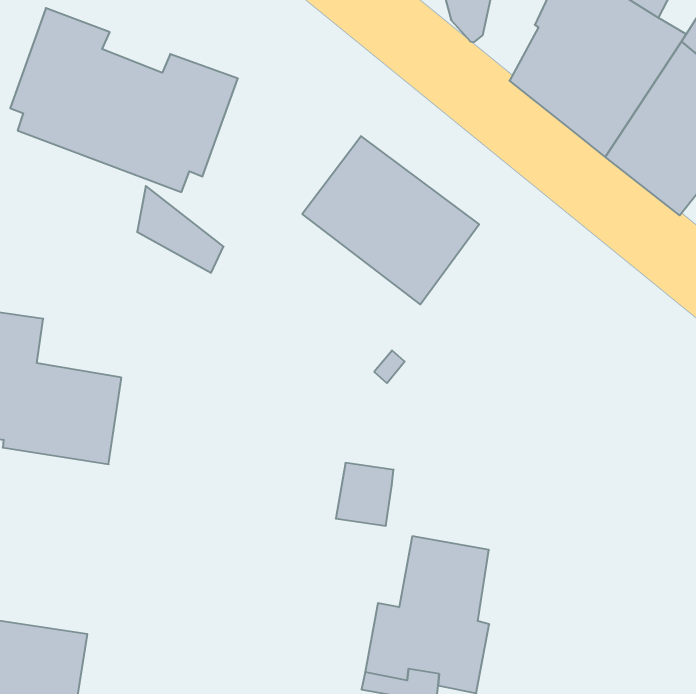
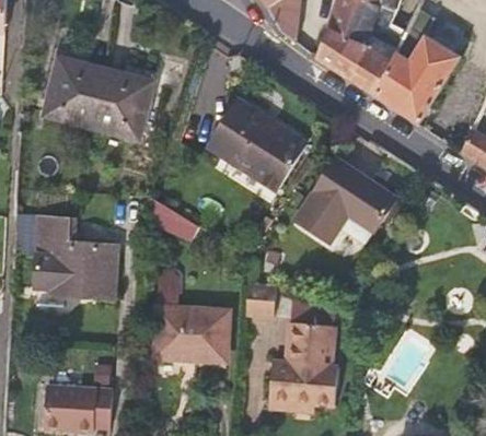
building: [137,186,224,273] -> [147,195,196,239]
building: none -> [296,158,397,243]
building: none -> [154,270,231,357]

